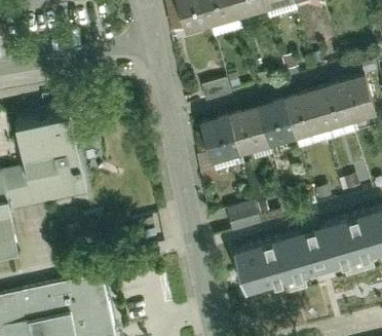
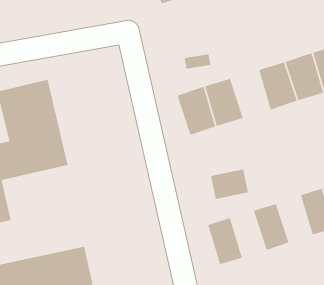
building: [251,96,291,145] -> none
building: [297,222,333,270] -> none
building: [251,237,286,286] -> none

